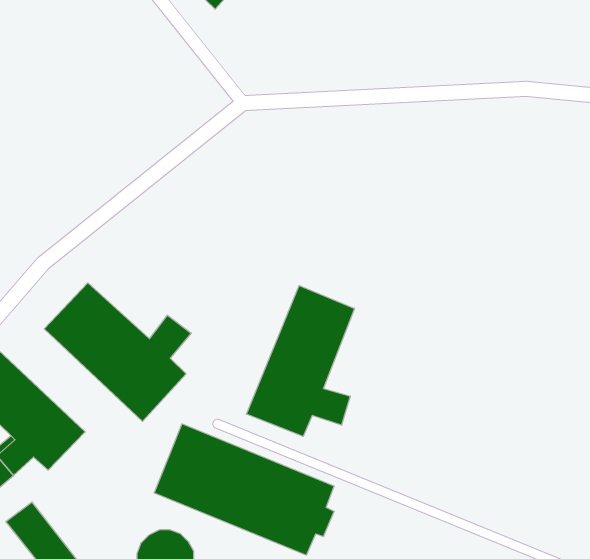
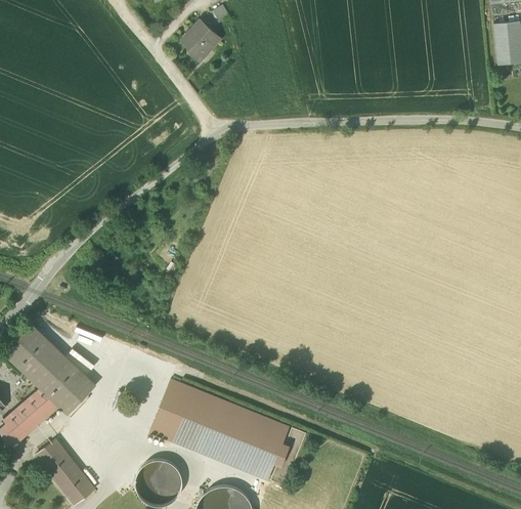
building: [44,283,191,421] -> none
building: [246,286,354,436] -> none

